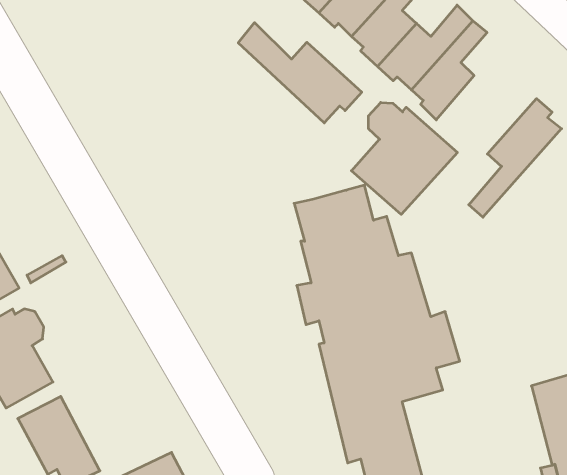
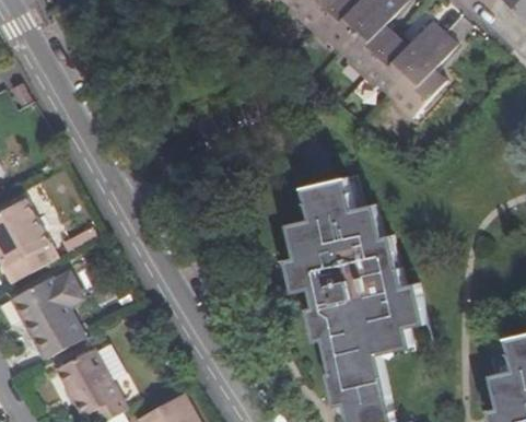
building: [238,23,362,123] -> none
building: [469,99,562,217] -> none
building: [351,102,457,214] -> none

